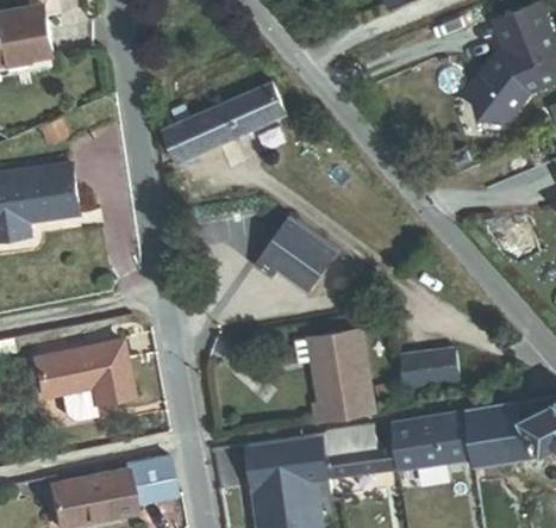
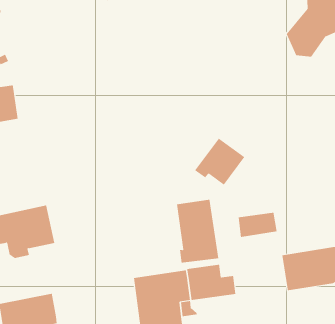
building: [164,83,286,162] -> none
building: [258,220,333,291] -> [194,138,245,186]
building: [391,412,471,470] -> none
building: [127,455,177,503] -> none

